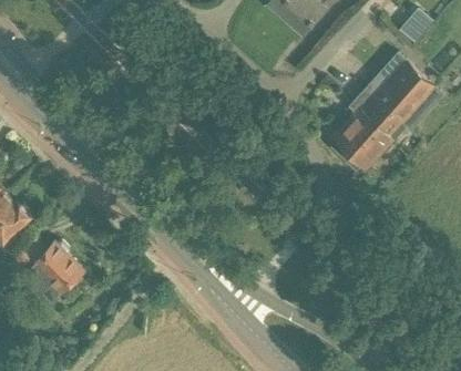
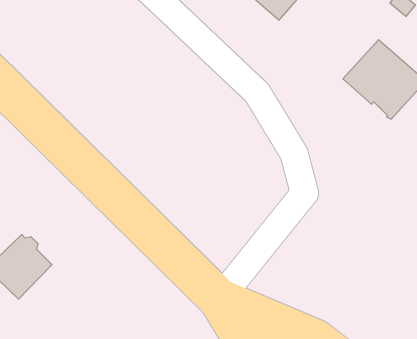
building: [327,92,403,172] -> none

